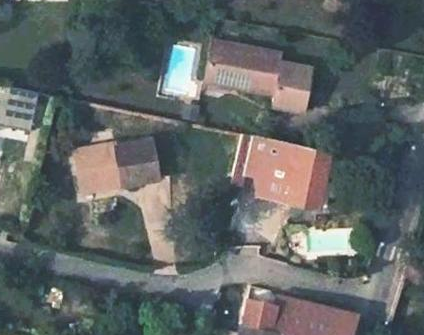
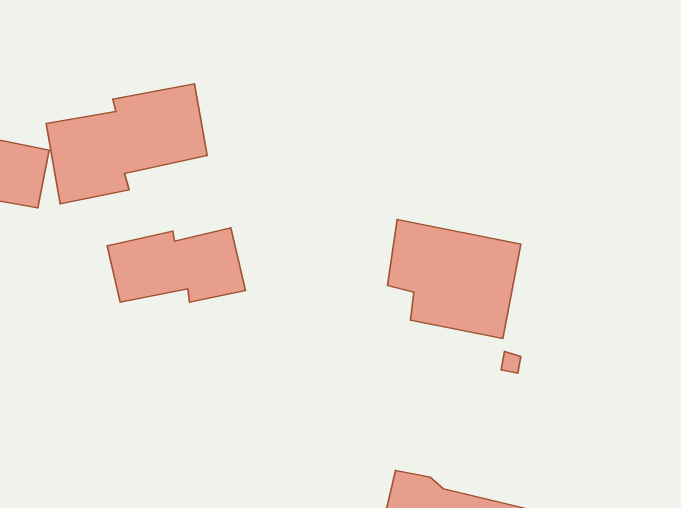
building: [207,45,319,115] -> none
building: none -> [46,84,207,204]

